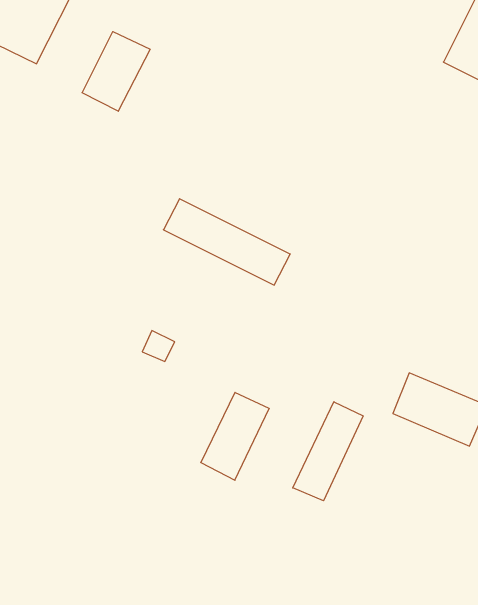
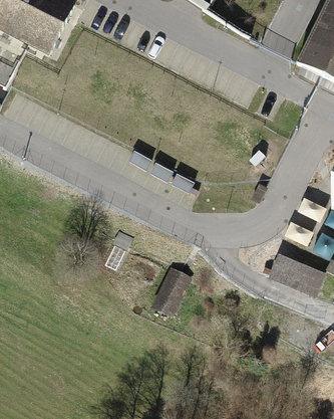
building: [82,32,150,111] -> none
building: [293,402,363,501] -> none

